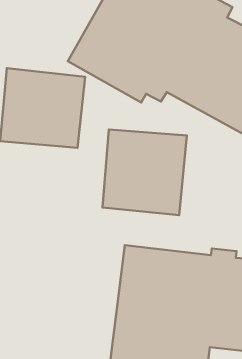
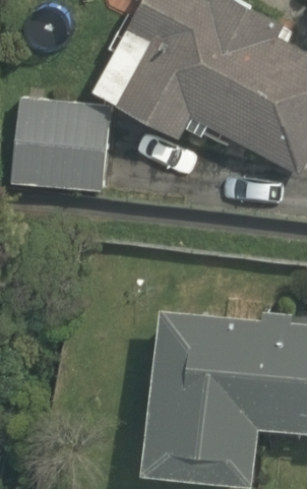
building: [102,130,187,215] -> none

